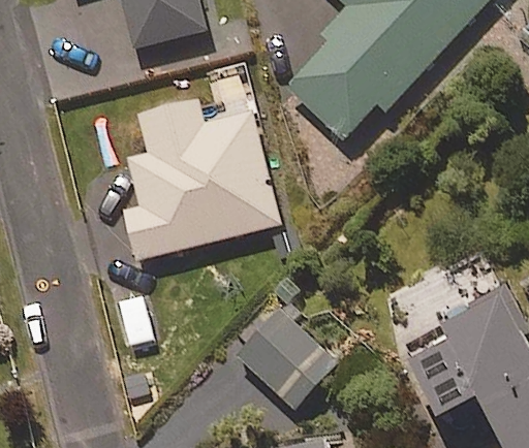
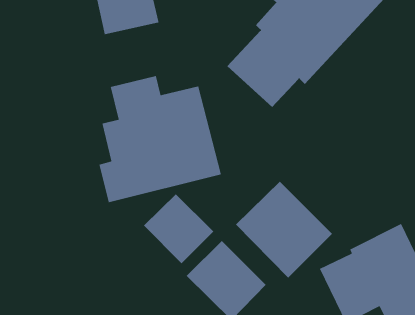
building: none -> [235,181,333,279]
building: none -> [143,193,214,264]

